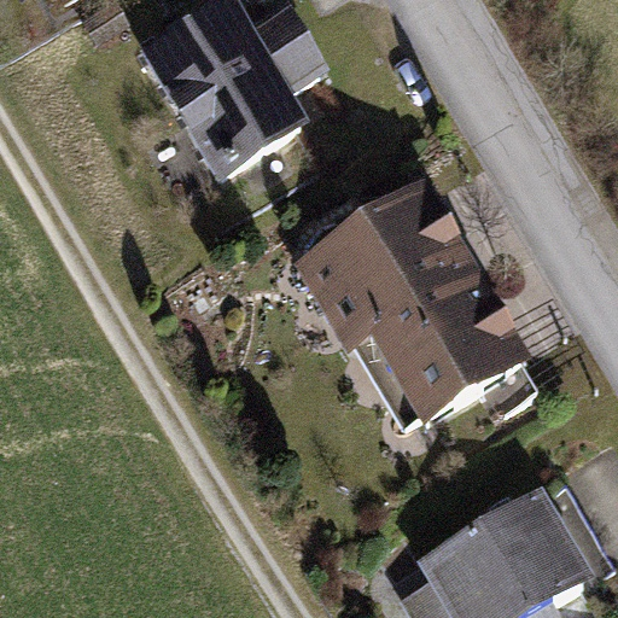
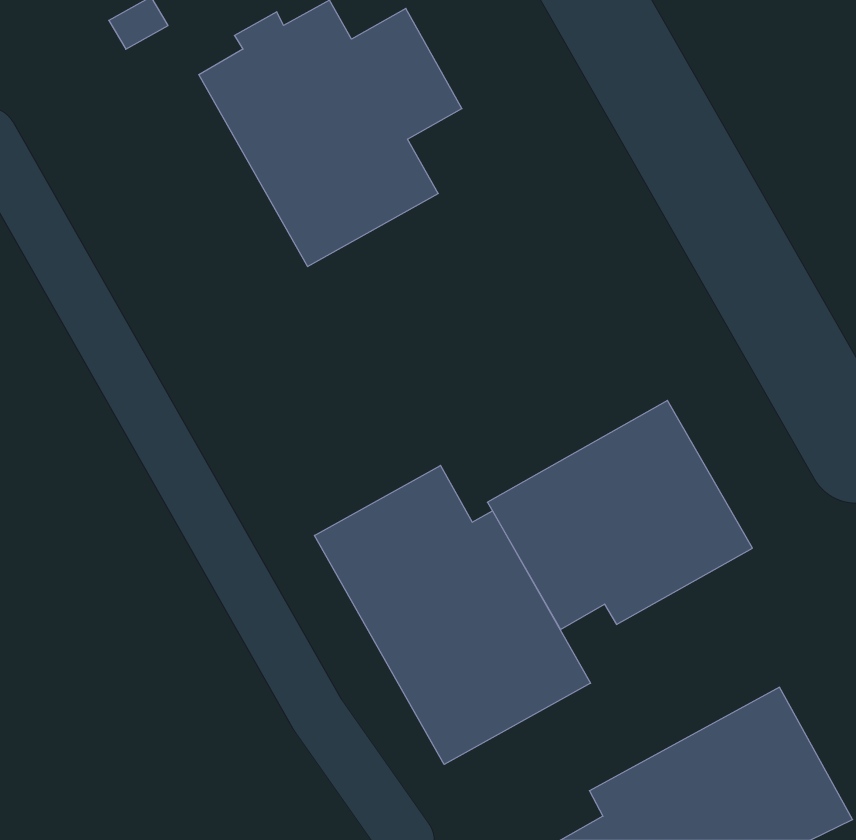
building: [296,194,474,357] -> none
building: none -> [314,465,591,764]

